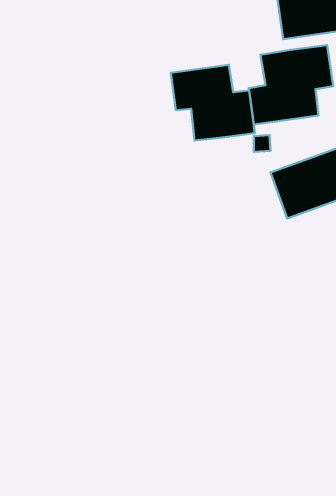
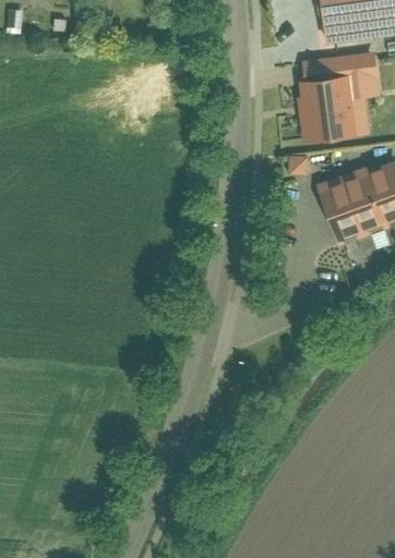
building: [171,65,255,141] -> none

